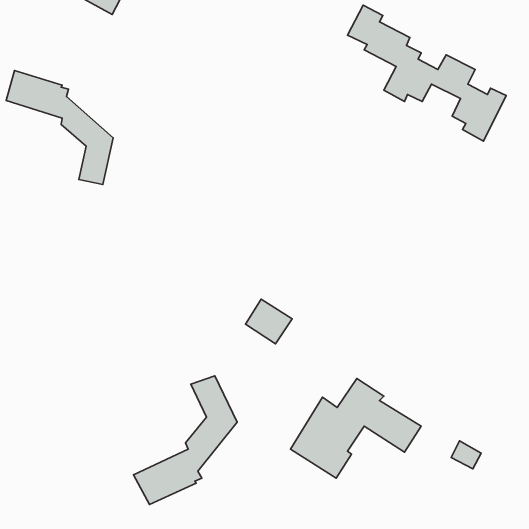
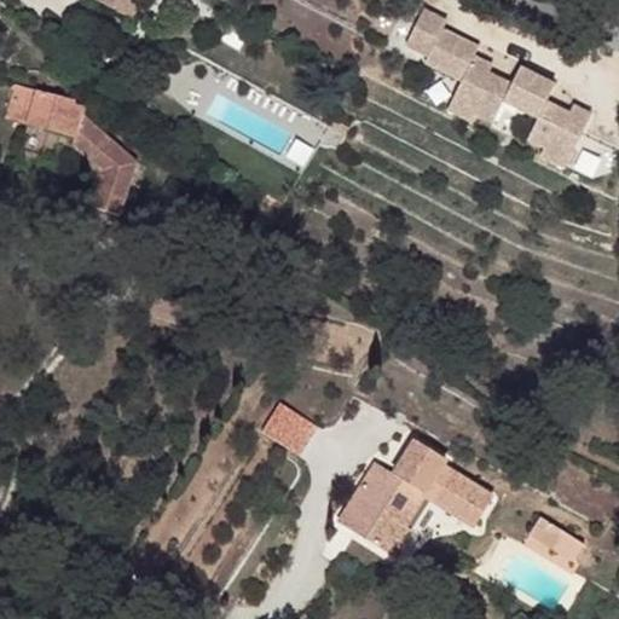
building: [246,299,292,344] -> [262,403,317,455]
building: [133,376,237,505] -> none

